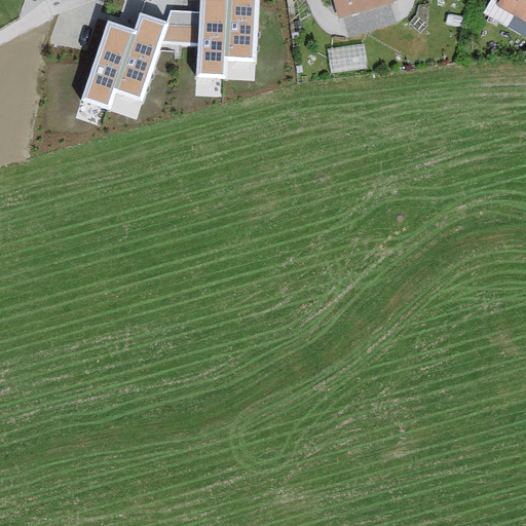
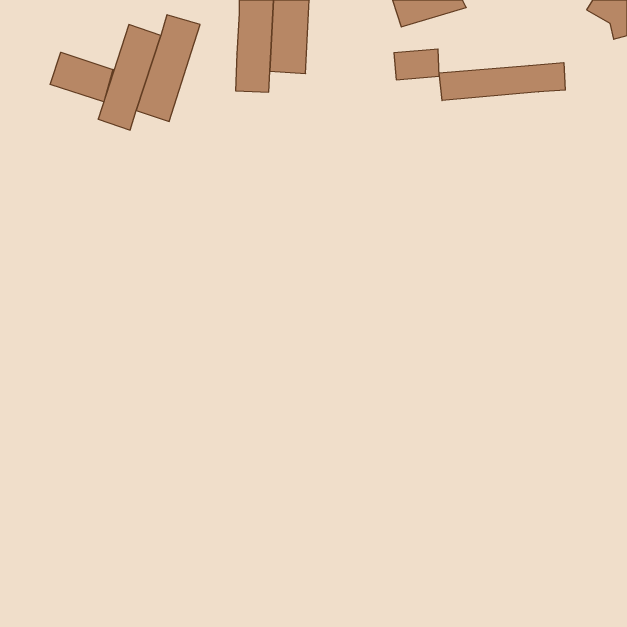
building: [160,10,200,45] -> none
building: none -> [50,52,113,102]
building: none -> [439,63,565,101]

